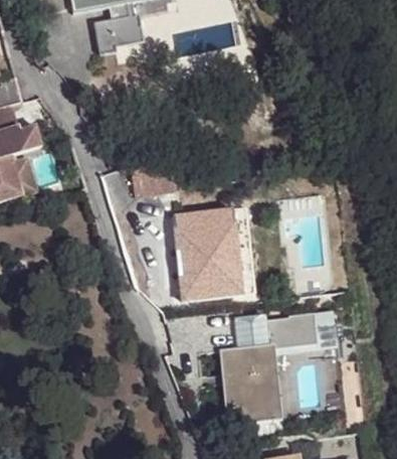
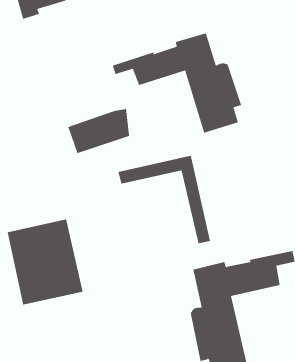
building: none -> [112,32,242,134]
building: [175,221,242,300] -> [7,219,84,305]

